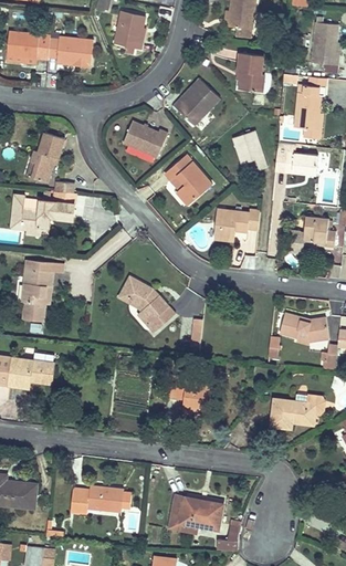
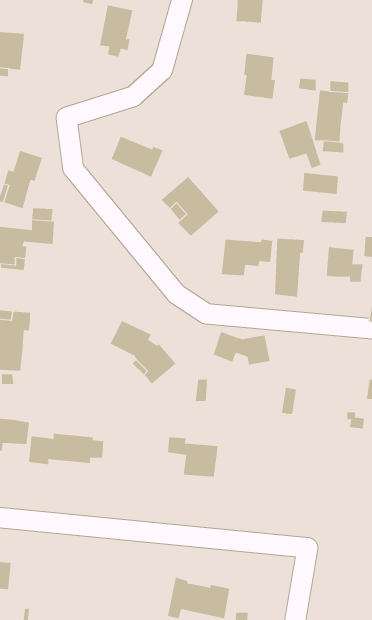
building: [307,21,338,64] -> none
building: [48,39,92,69] -> none
building: [175,80,223,125] -> none
building: [229,132,265,172] -> [278,120,322,169]
building: none -> [274,238,304,297]
building: [280,315,328,344] -> [213,331,270,365]
building: [272,398,313,426] -> none
building: [72,486,136,513] -> [28,433,104,465]

